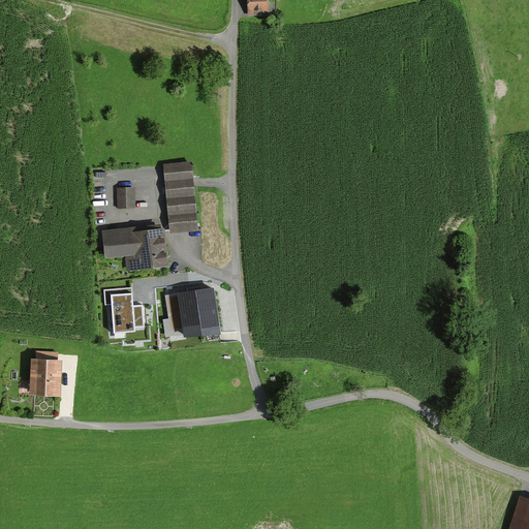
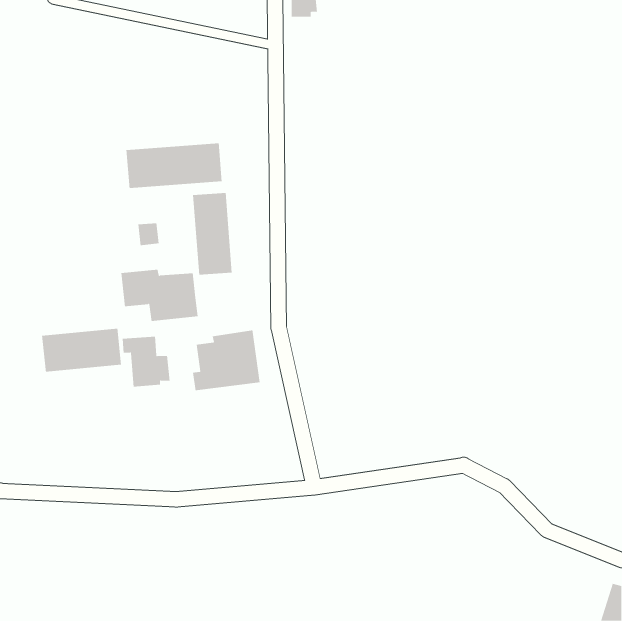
building: none -> [126,143,222,189]
building: none -> [42,328,122,372]
building: [20,353,62,395] -> none

